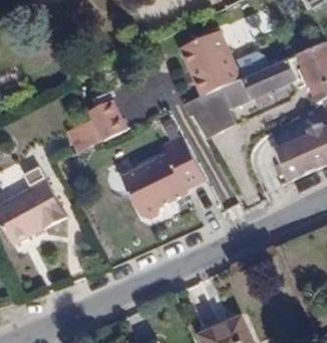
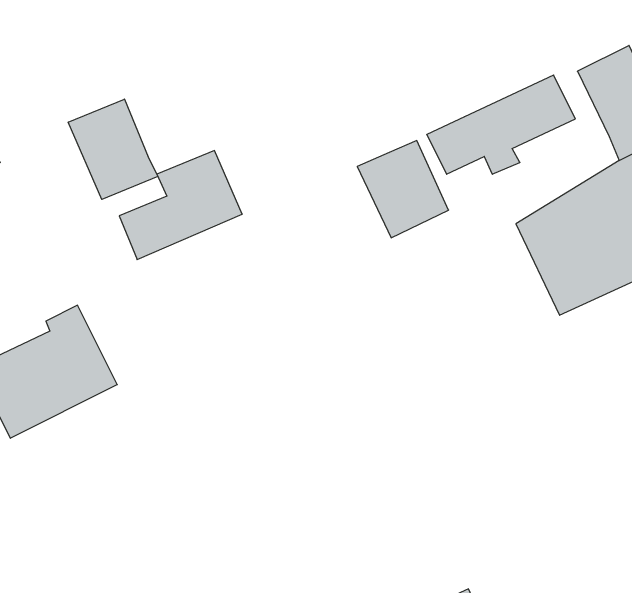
building: [178,30,239,97] -> none
building: none -> [68,99,158,199]
building: [112,137,203,223] -> none

